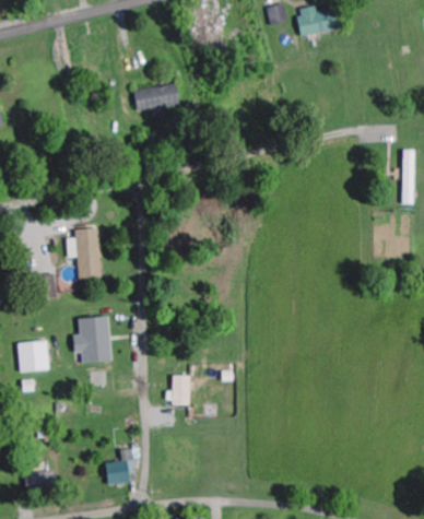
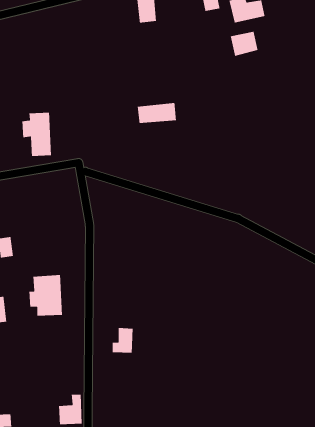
building: none -> [230,31,258,57]
building: [134,84,179,108] -> [137,102,177,124]
building: [67,228,101,279] -> [21,112,52,157]

